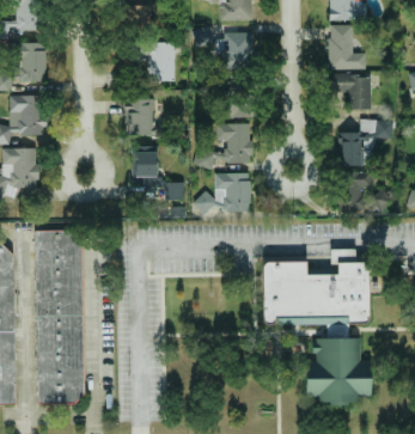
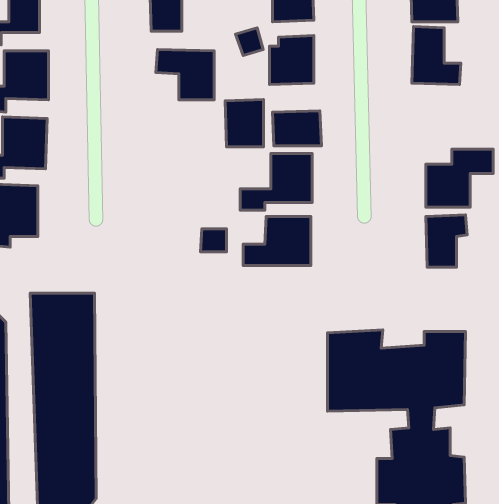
building: [335,78,371,109] -> none
building: [124,98,154,135] -> [225,99,263,147]
building: [132,152,158,184] -> none

